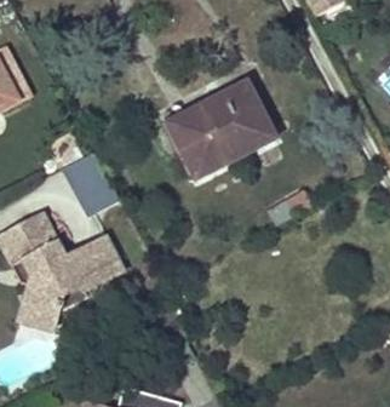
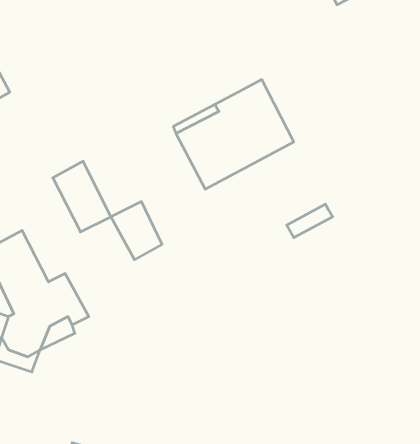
building: [78,236,122,287] -> [111,202,162,260]

